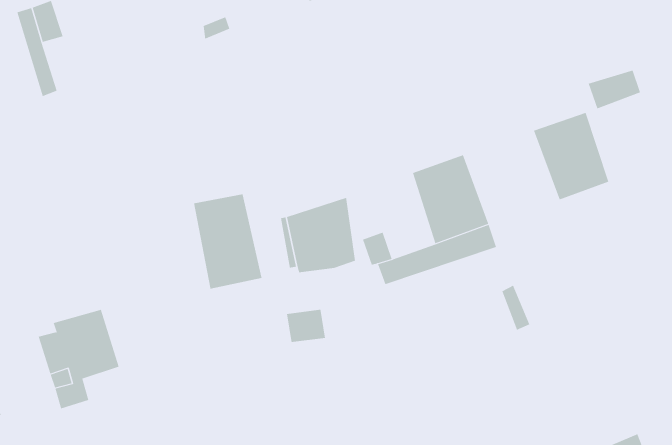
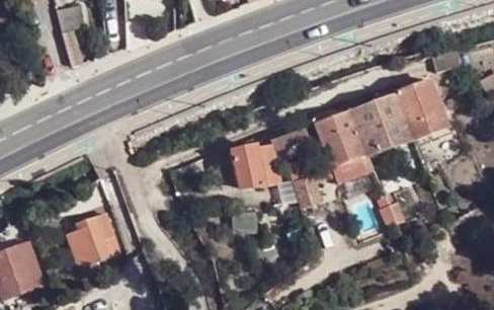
building: none -> [351,92,415,155]
building: [193,193,262,290] -> none

